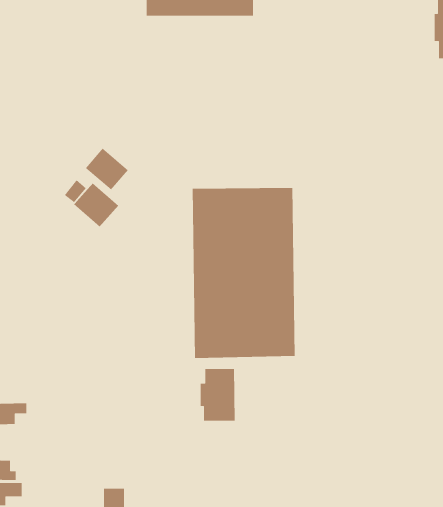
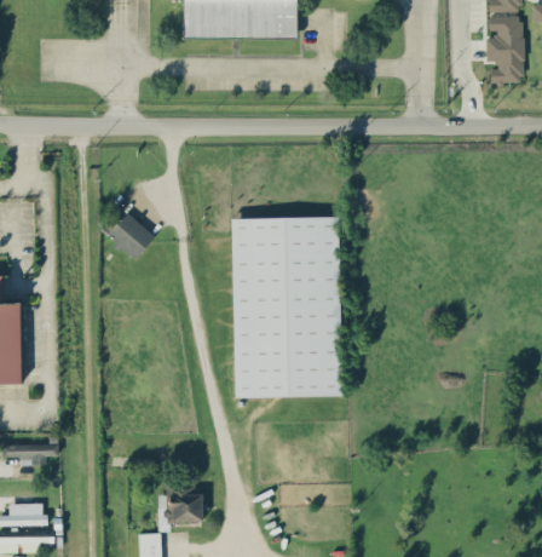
building: [85,147,129,191] -> none
building: [200,368,235,422] -> none
building: none -> [166,484,202,521]

